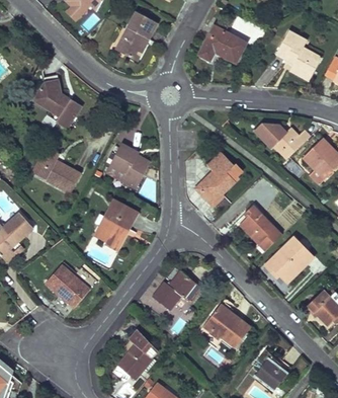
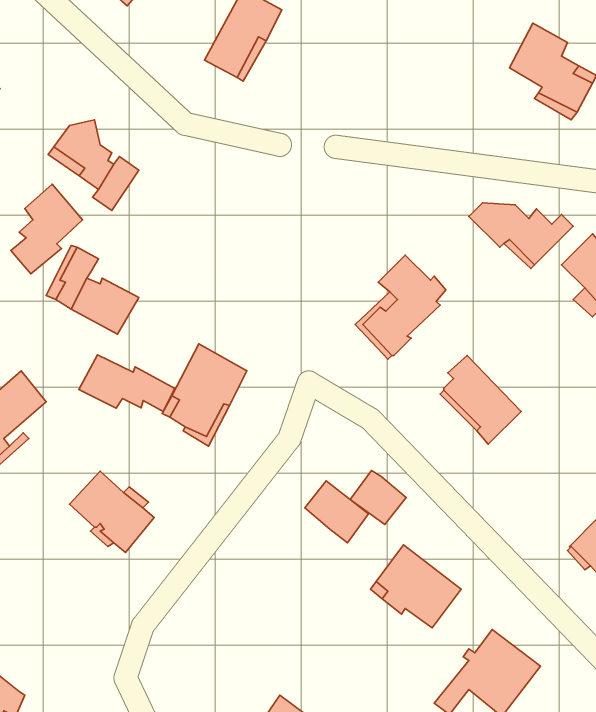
building: [198,26,246,63] -> none
building: none -> [11,184,83,274]
building: [104,145,149,189] -> none
building: none -> [79,355,175,411]
building: [264,237,313,283] -> none
building: [152,282,181,310] -> [350,471,406,525]
building: [111,331,156,382] -> none

